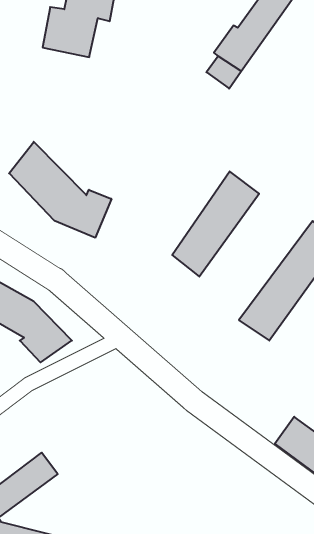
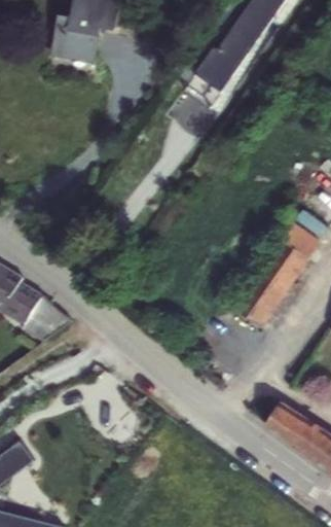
building: [9,142,111,238] -> none
building: [172,171,259,277] -> none

